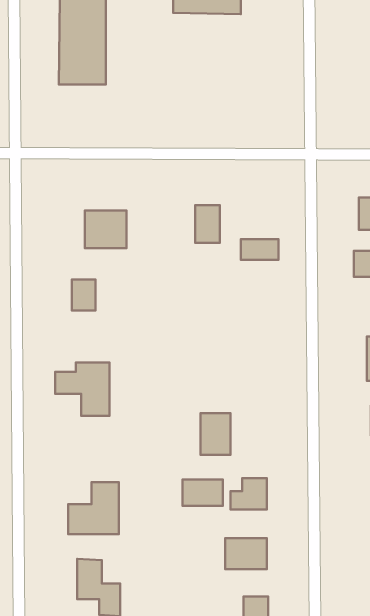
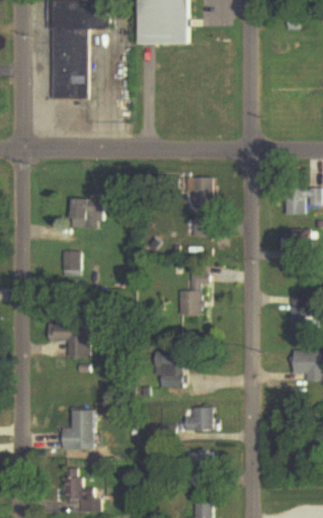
building: [195,205,220,243] -> [192,177,212,206]
building: none -> [178,273,200,315]
building: [183,479,223,506] -> none

